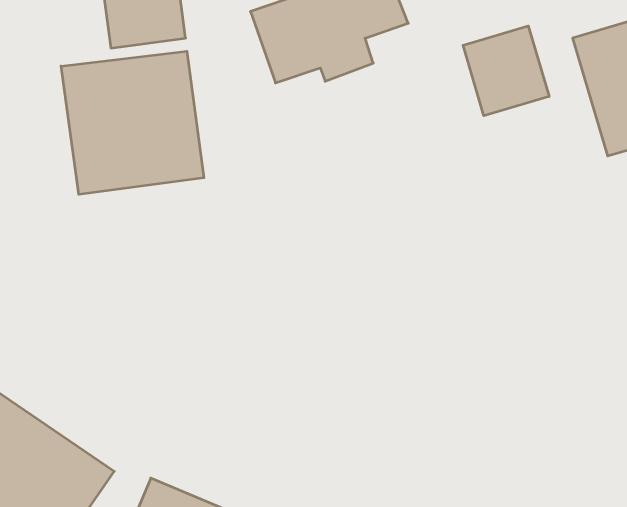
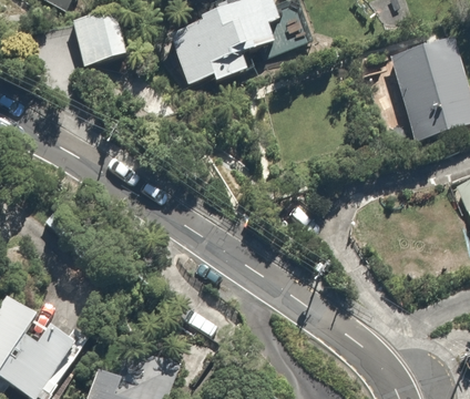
building: [463,26,549,116] -> none
building: [61,51,204,194] -> none

